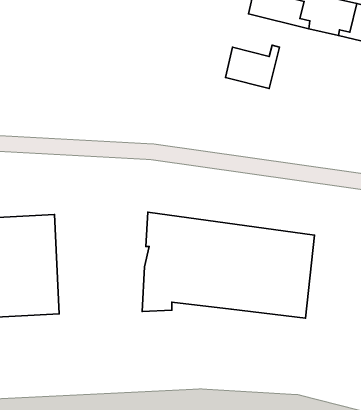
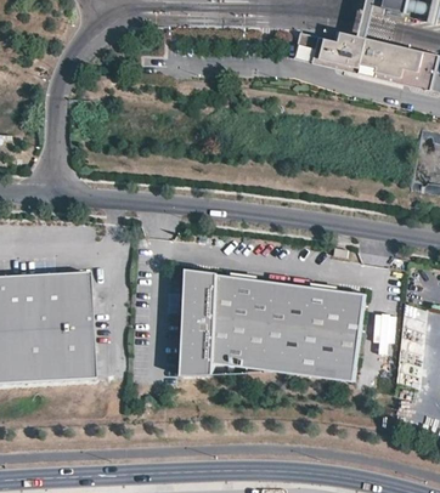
building: [225,45,279,89] -> none

